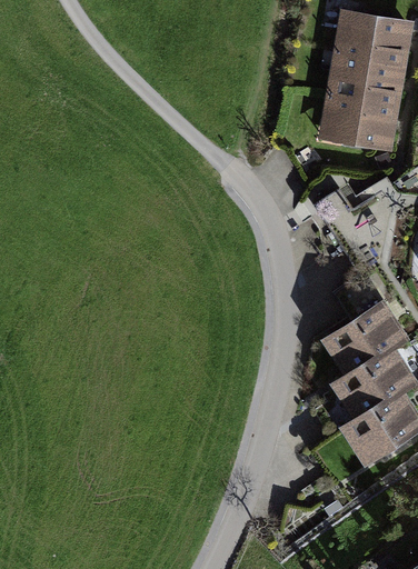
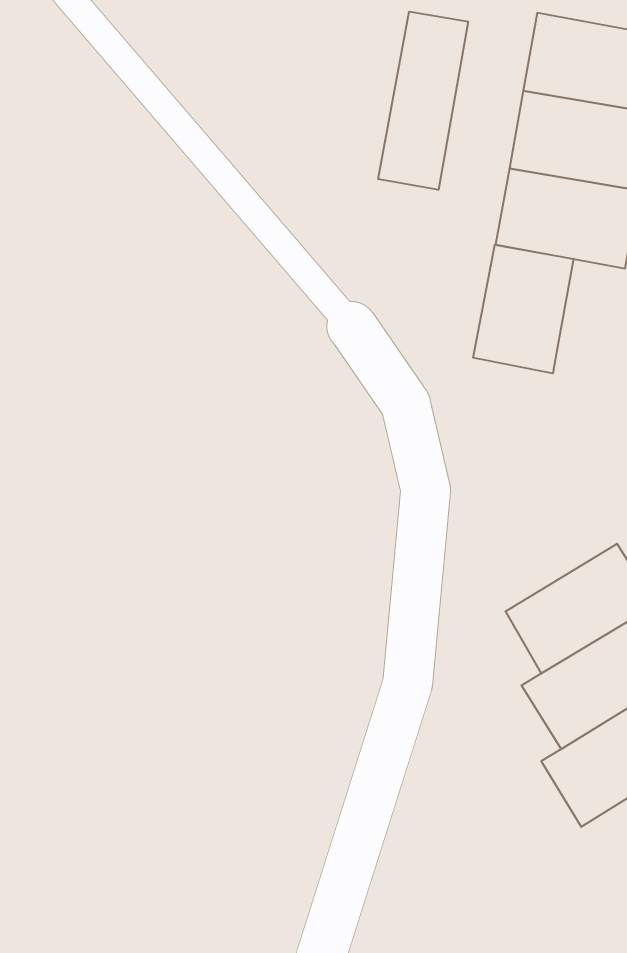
building: none -> [378,12,468,190]
building: none -> [473,245,573,373]

